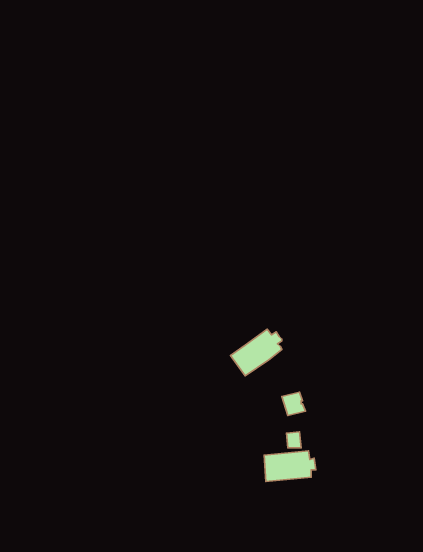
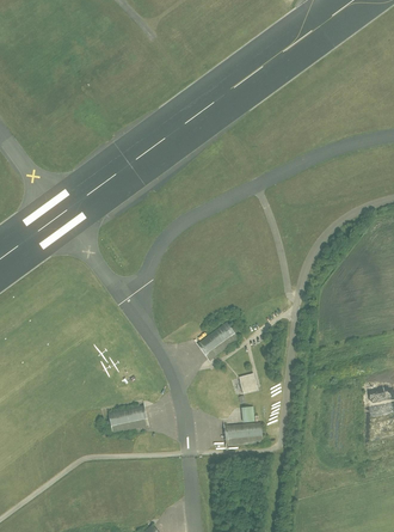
building: none -> [104,403,147,432]

